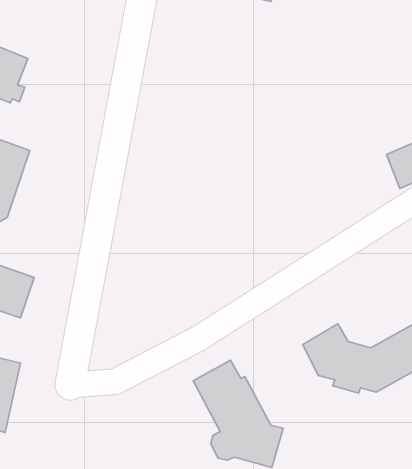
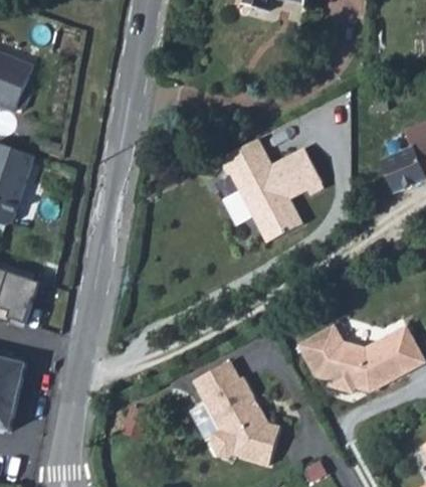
building: none -> [218,139,323,240]

